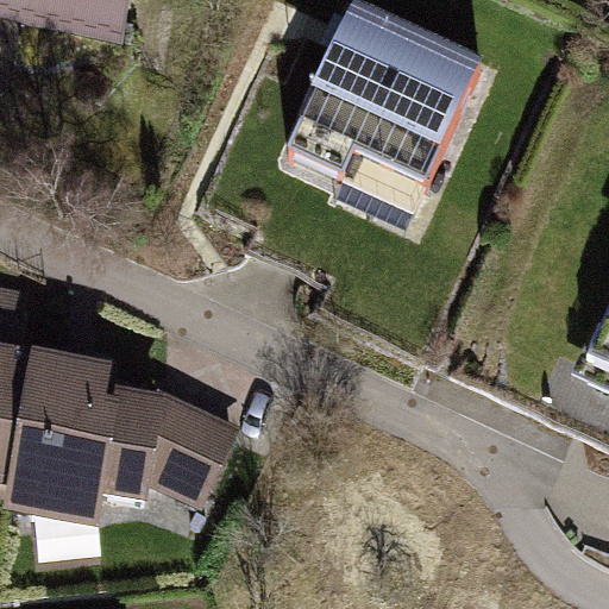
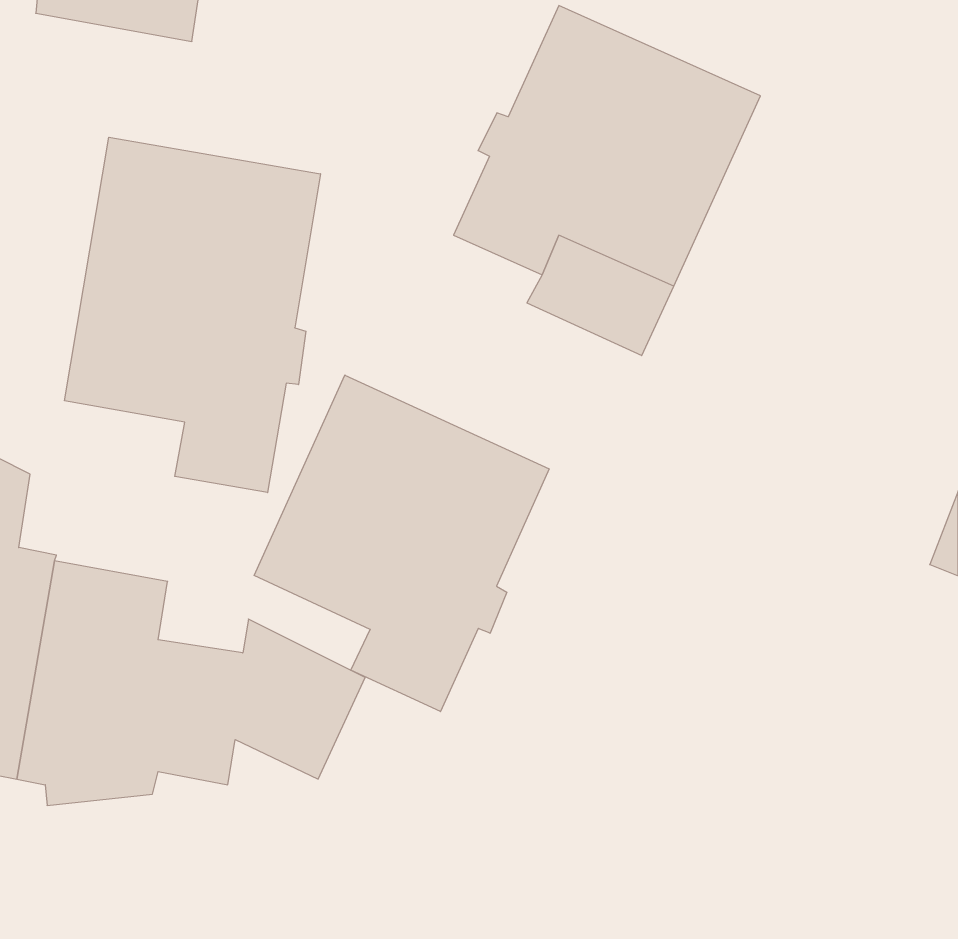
building: none -> [65,137,320,493]
building: none -> [254,375,549,712]

